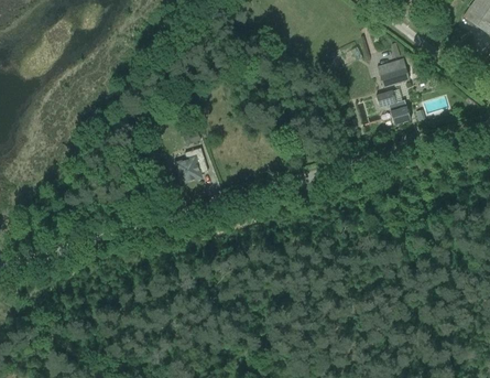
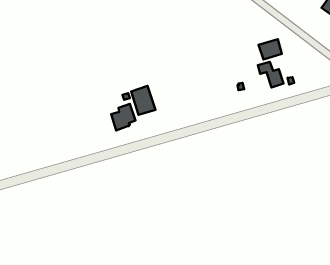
building: none -> [131,86,156,115]

